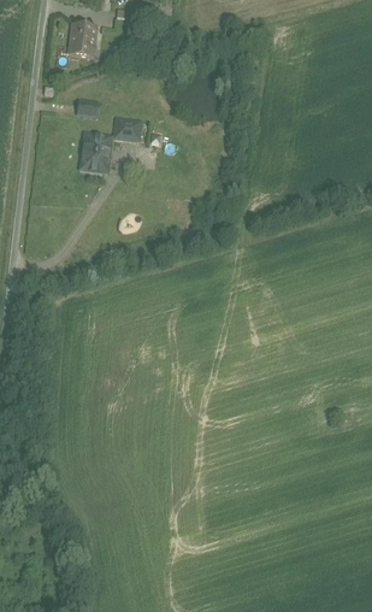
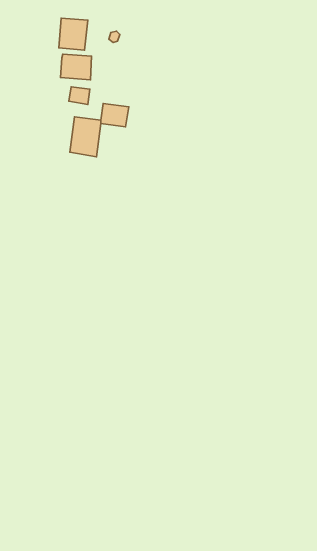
building: none -> [60,54,92,80]

